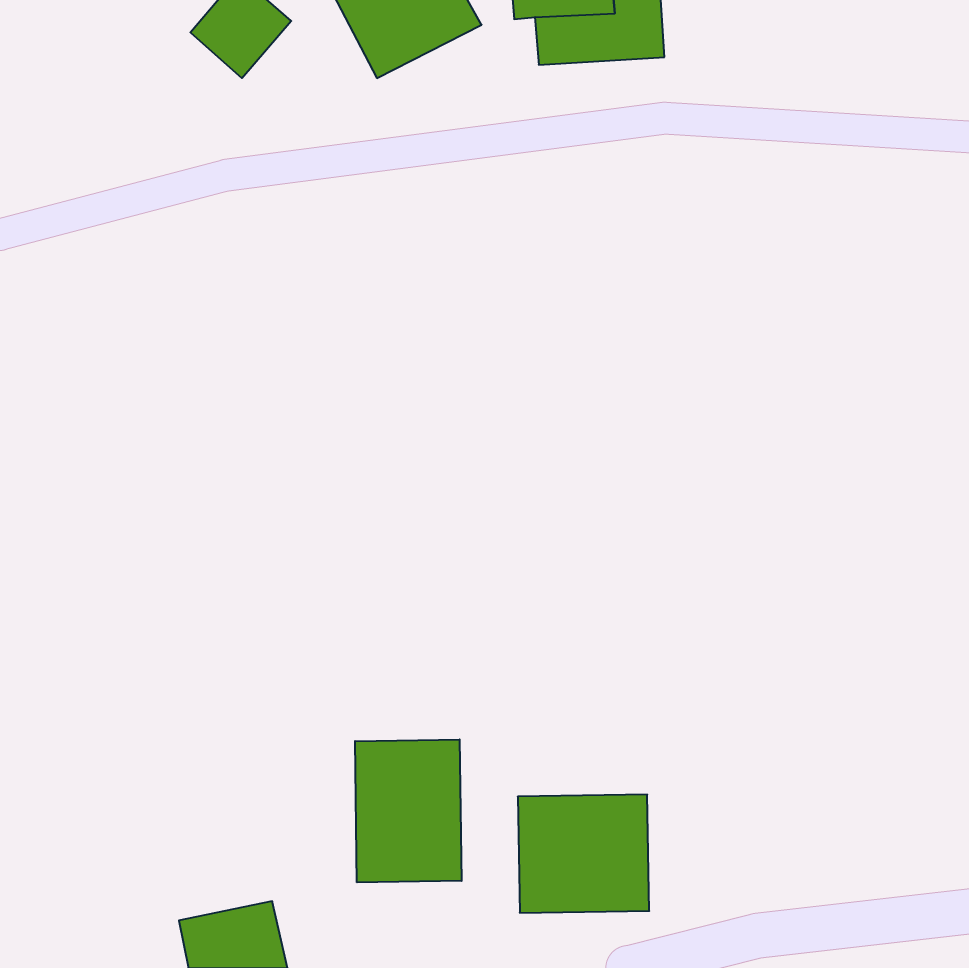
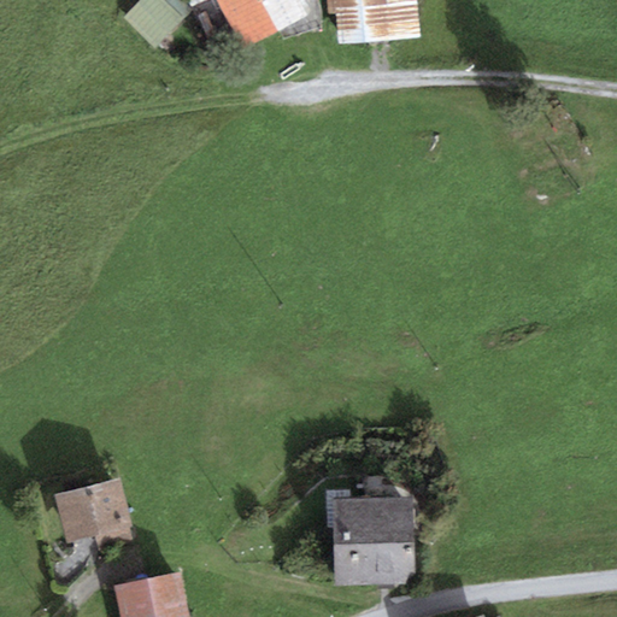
building: [355,739,462,882] -> none
building: none -> [57,477,130,539]

